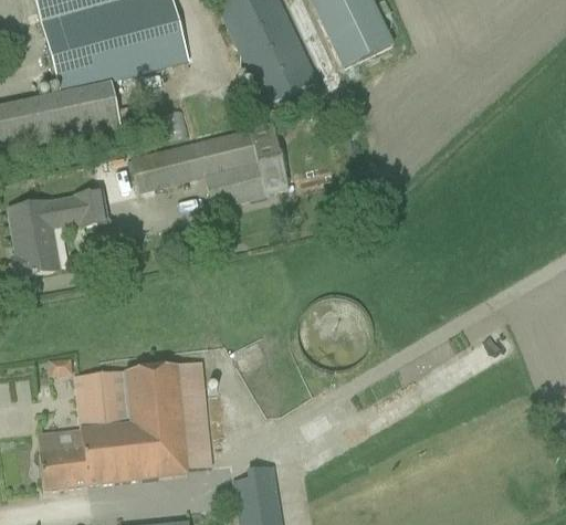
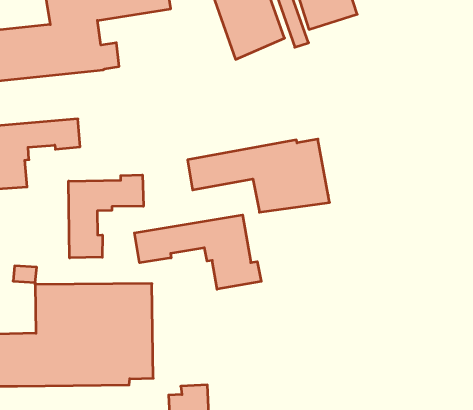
building: [132,120,291,207] -> [188,139,330,212]
building: none -> [69,175,143,258]
building: none -> [134,215,261,289]

